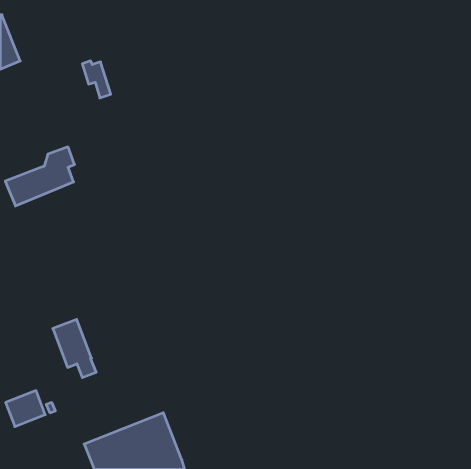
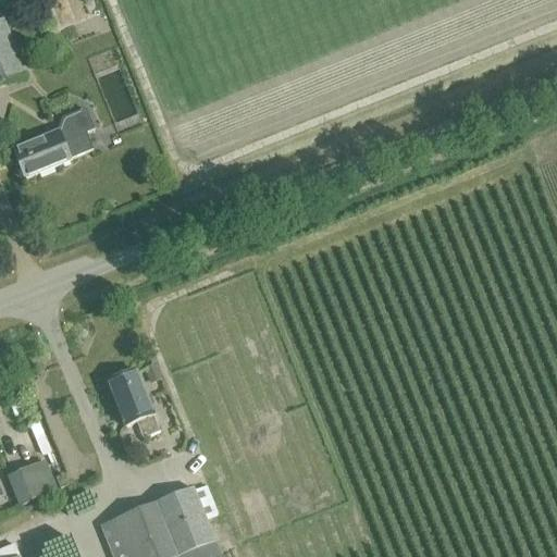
building: [5,147,75,206] -> [13,107,95,176]
building: [53,319,96,378] -> [108,368,159,436]

